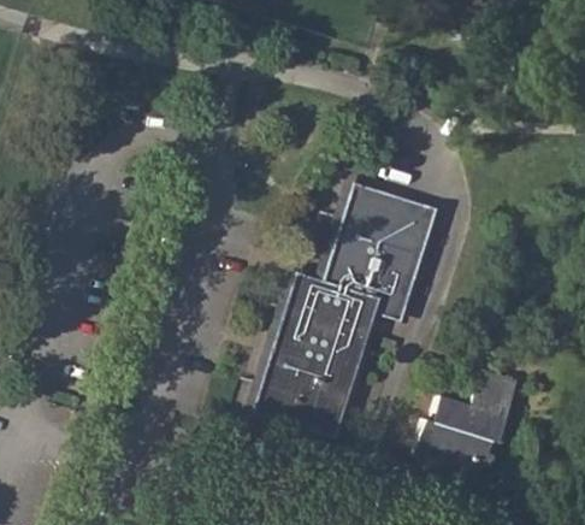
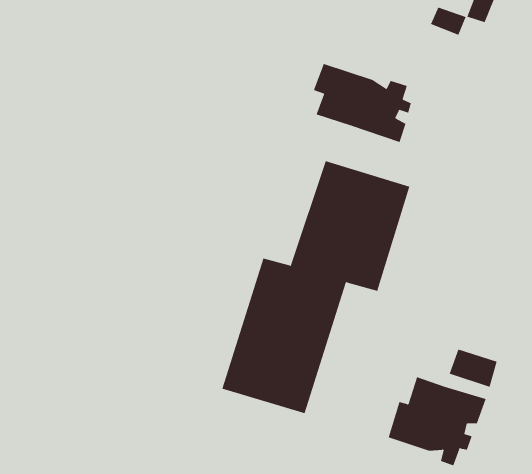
building: none -> [313,63,412,143]

